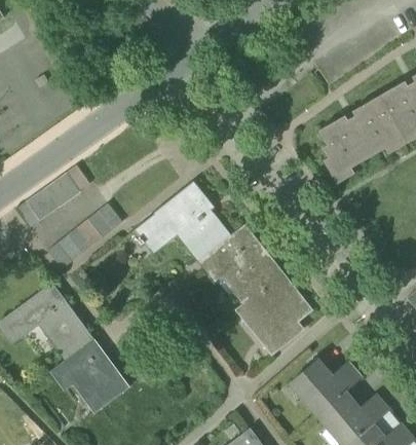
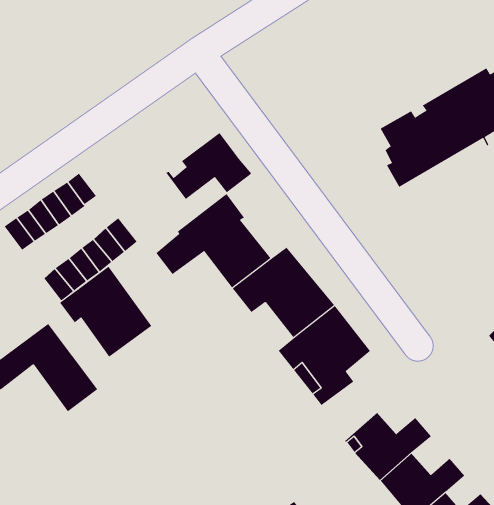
building: none -> [166,132,252,200]
building: [51,340,126,414] -> [59,266,152,358]

